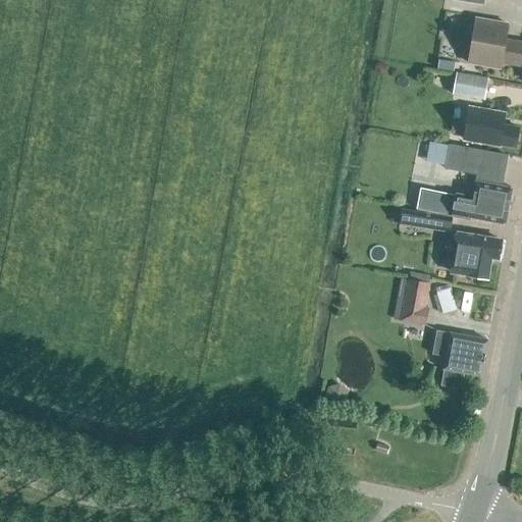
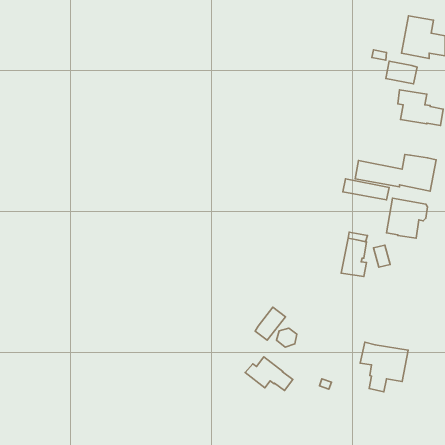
building: [442,144,505,185] -> none
building: [430,329,486,387] -> [360,342,408,392]
building: none -> [255,307,285,340]
building: none -> [245,357,293,390]

